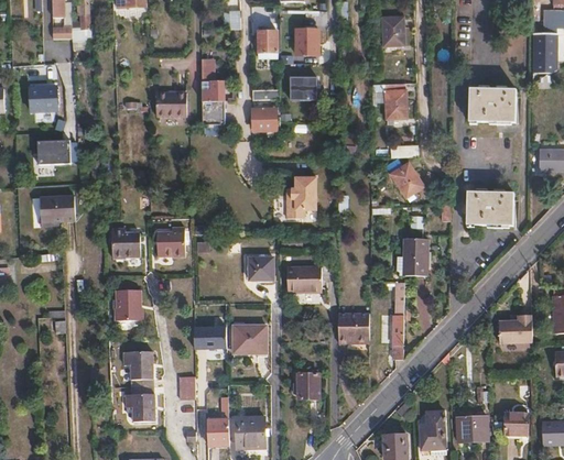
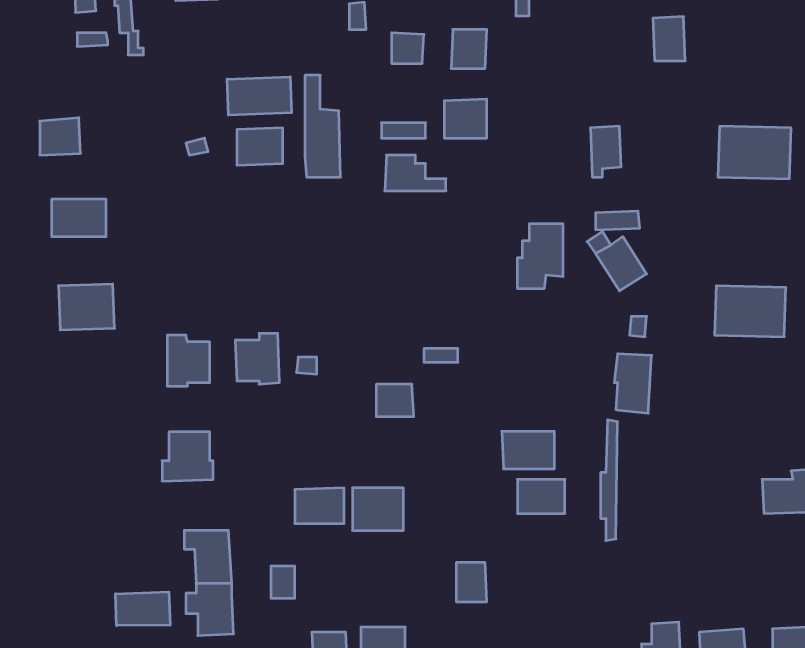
building: [383,17,404,45] -> [653,17,685,61]
building: none -> [227,77,292,115]
building: [285,178,315,220] -> [517,224,563,288]
building: [285,267,319,292] -> [502,431,554,469]
building: none -> [116,592,170,626]

